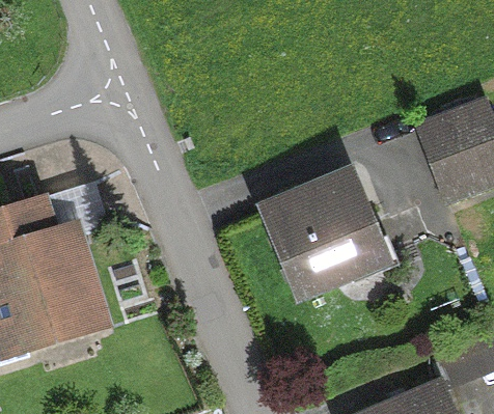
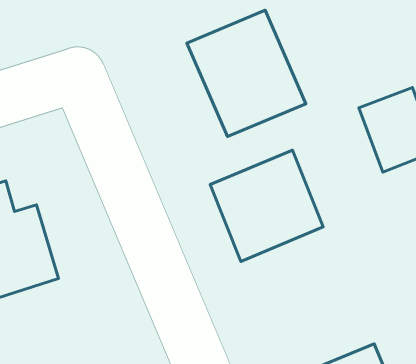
building: none -> [187,10,306,137]

